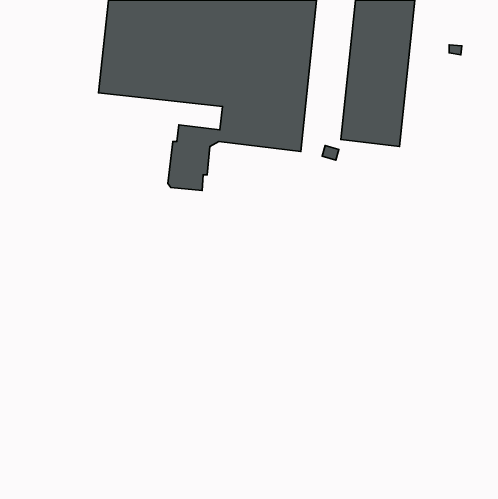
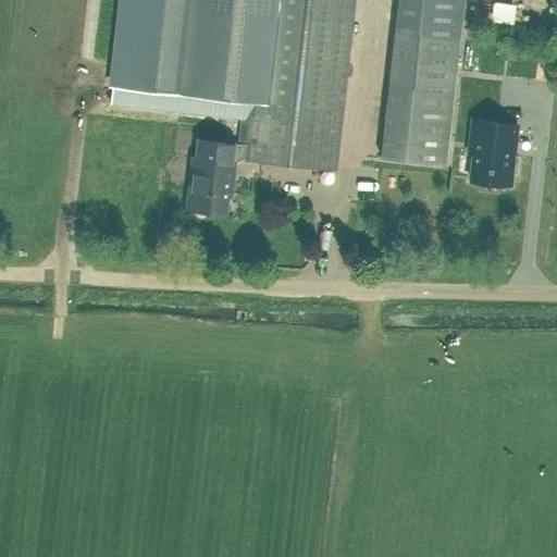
building: none -> [469,120,518,185]

